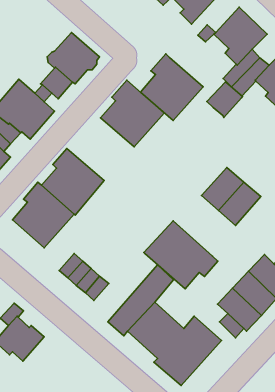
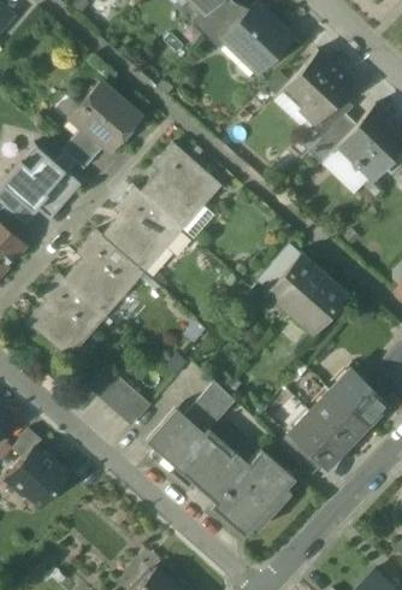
building: [141,54,203,120] -> [102,187,183,272]
building: [207,82,243,117] -> none
building: [144,221,218,289] -> none

